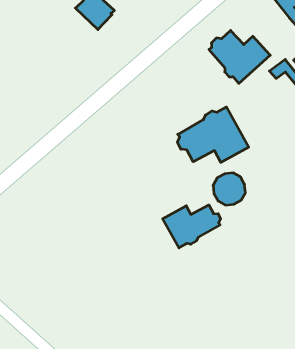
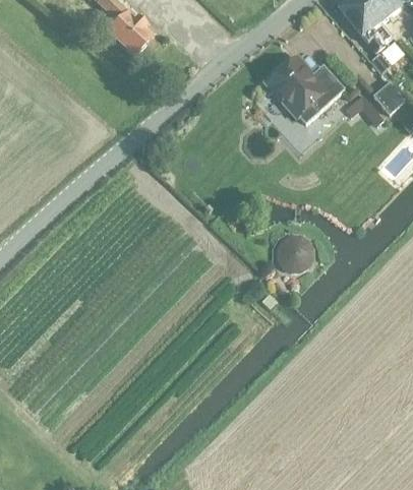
building: [178,107,249,162] -> none
building: [163,205,221,248] -> none

